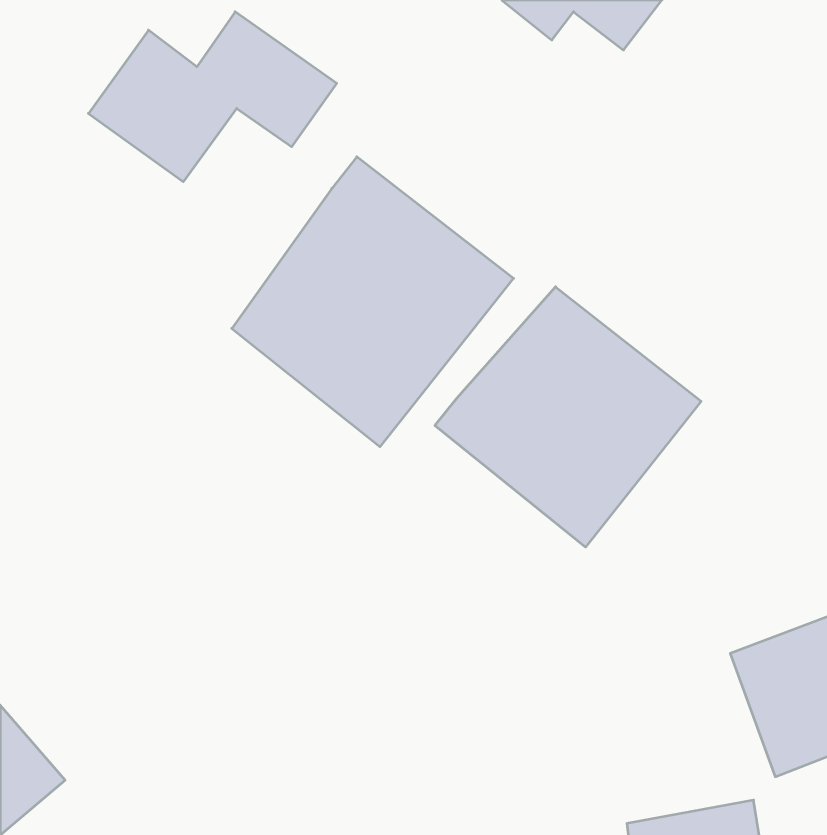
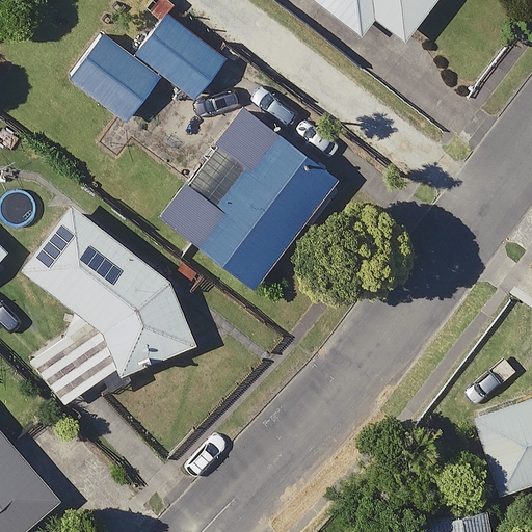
building: [435,287,701,547] -> none
building: none -> [21,206,198,408]

